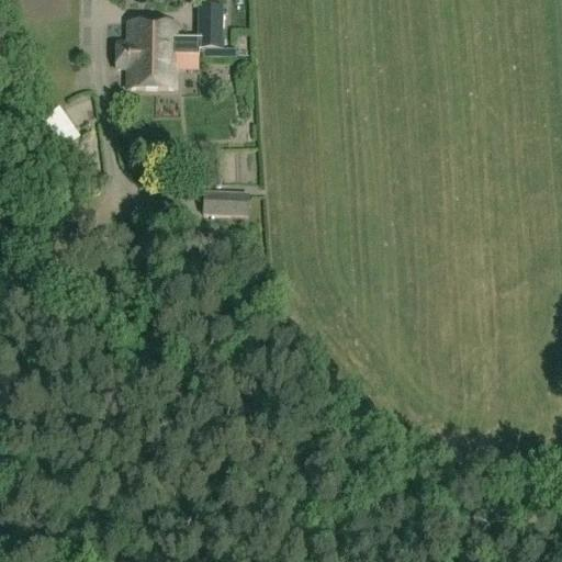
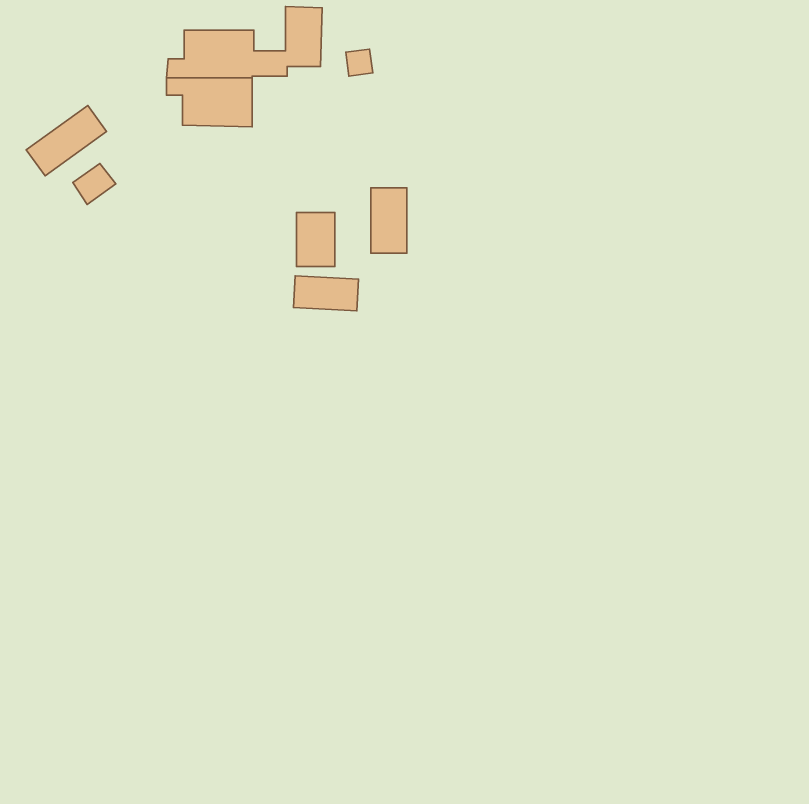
building: none -> [26,105,107,176]
building: none -> [371,188,407,253]

